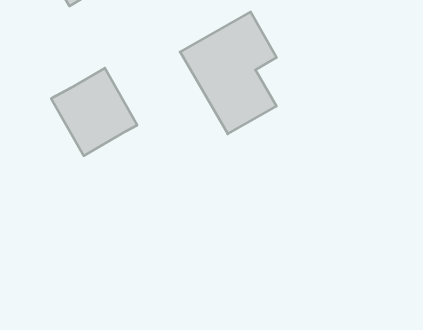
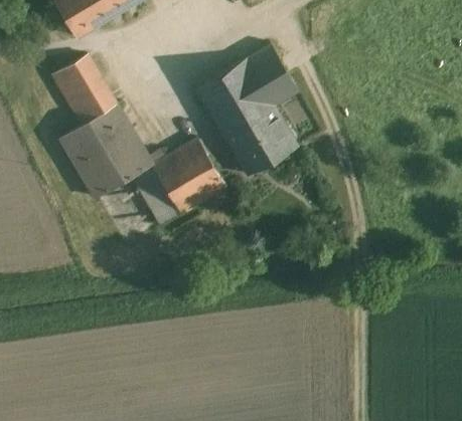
building: none -> [51,54,116,125]
building: none -> [139,138,224,225]

